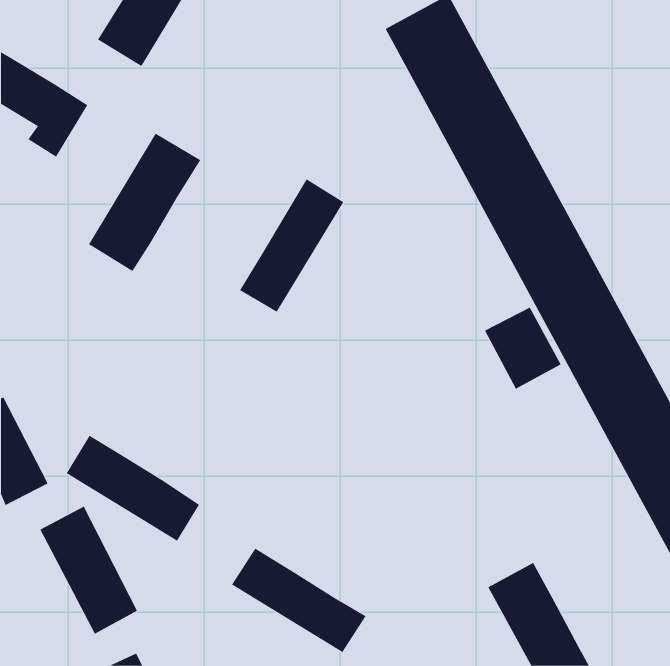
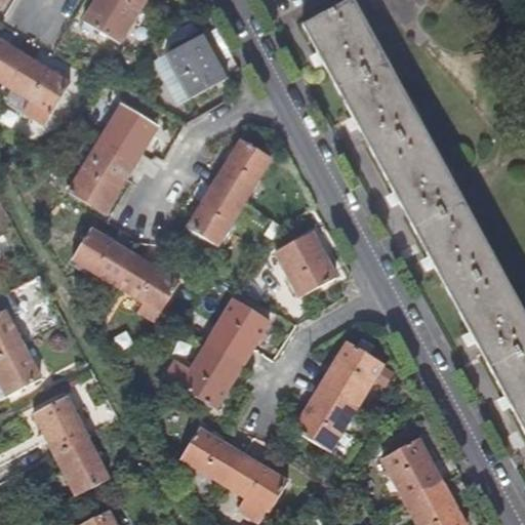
building: none -> [166,33,227,103]
building: [484,307,562,390] -> [275,232,335,296]
building: none -> [180,298,269,407]
building: [66,435,200,542] -> [73,228,177,311]
building: none -> [295,342,382,450]

